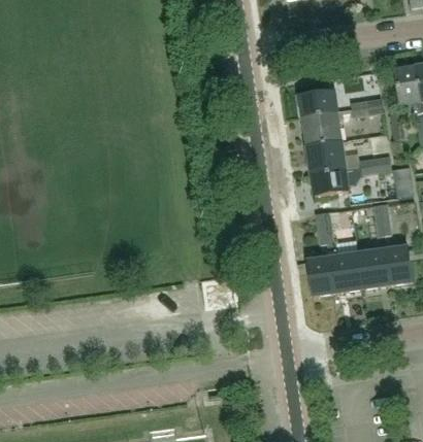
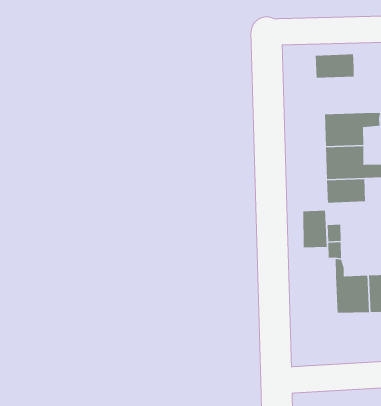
building: [300,91,337,116] -> [315,54,355,79]
building: [308,258,334,294] -> [302,210,328,248]

